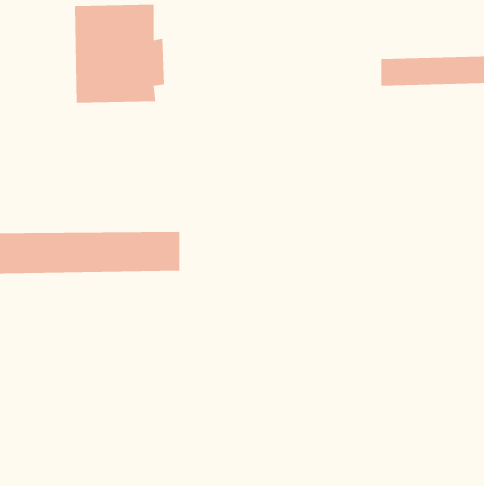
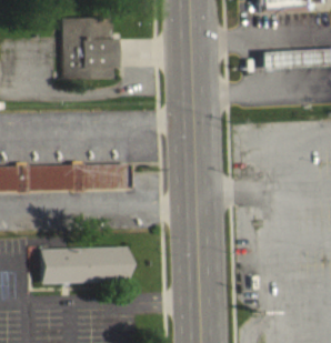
building: none -> [39,246,132,281]

